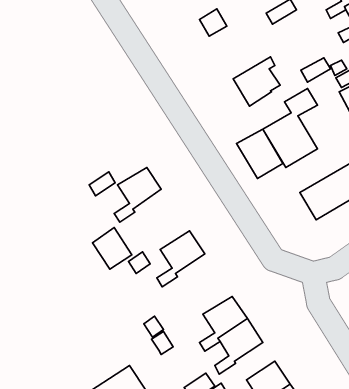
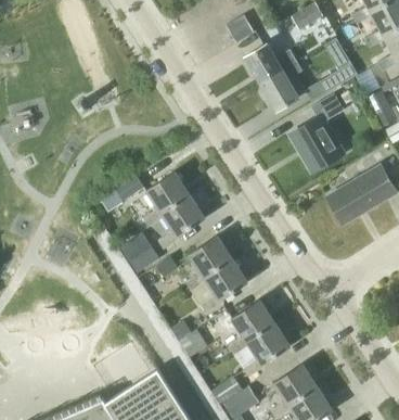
building: none -> [245,43,297,84]
building: [236,129,283,179] -> none
building: none -> [156,193,205,247]
building: none -> [198,257,247,313]

